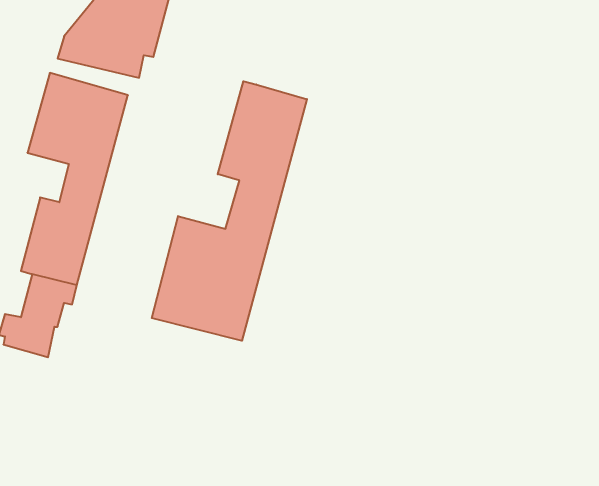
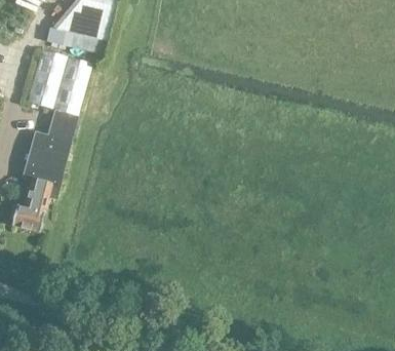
building: [152,81,307,341] -> none

